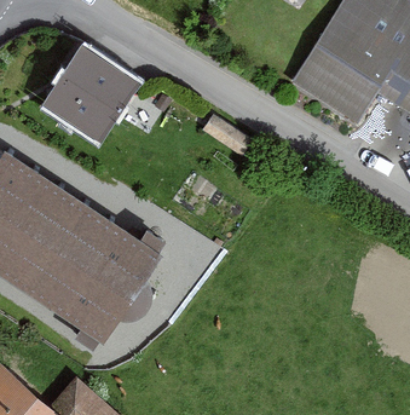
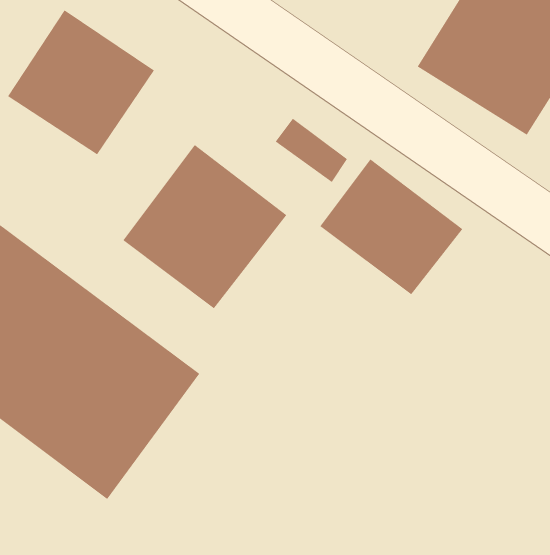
building: none -> [122,144,287,309]
building: none -> [319,158,463,295]

